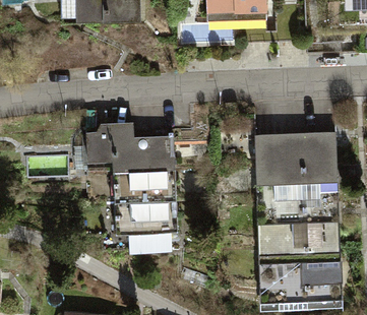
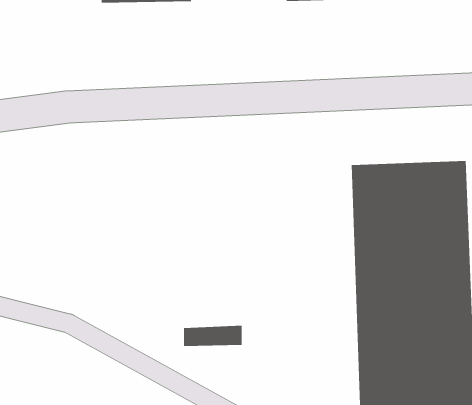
building: [85,122,178,235] -> none

